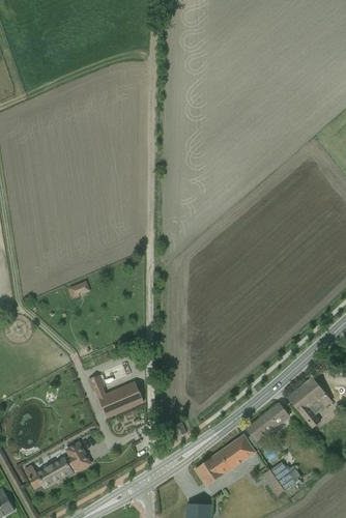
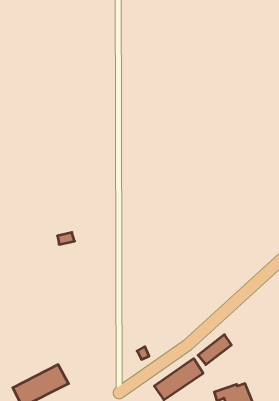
building: [89,375,146,420] -> none
building: [287,379,333,428] -> none

